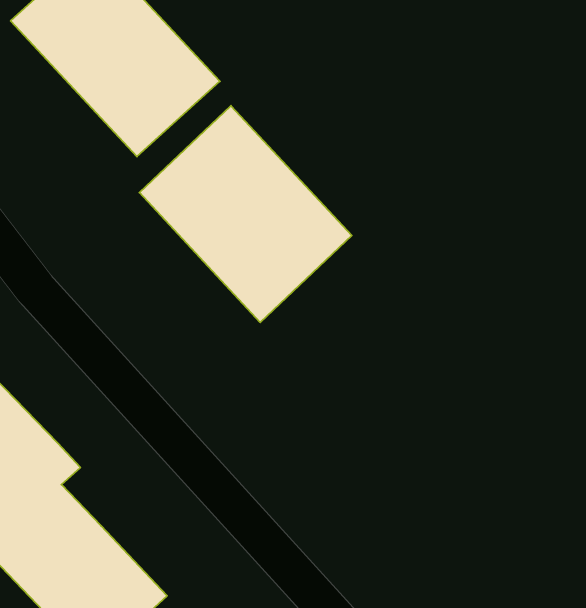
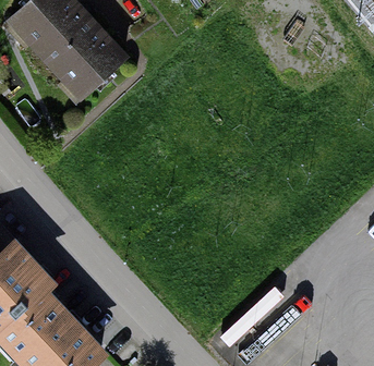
building: [139,106,352,322] -> none

